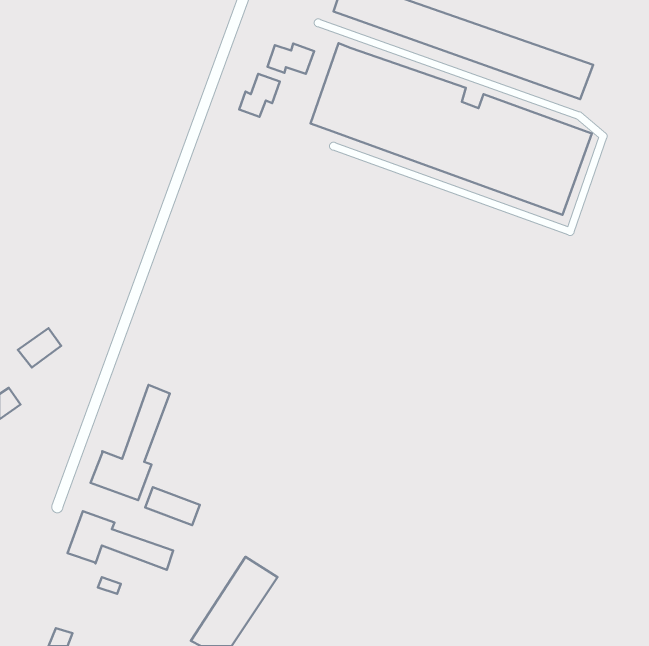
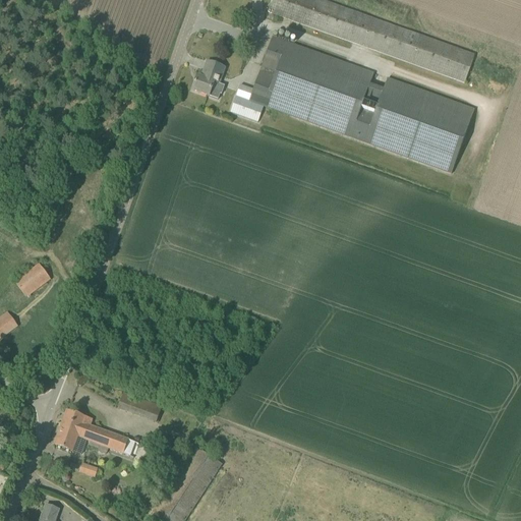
building: [267,44,314,74] -> none
building: none -> [229,94,263,121]
building: [91,385,170,500] -> none

